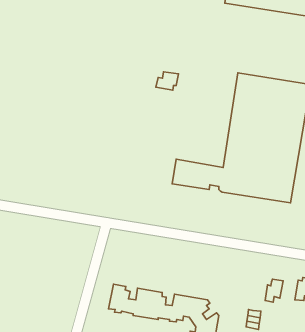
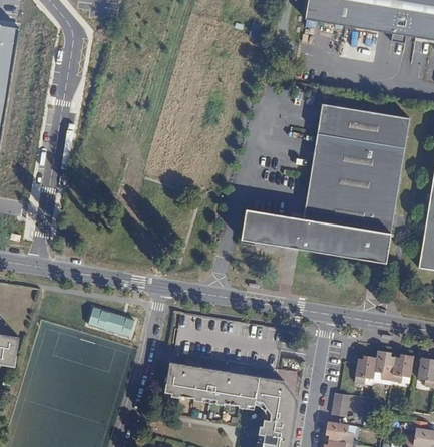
building: [156,72,178,90] -> none
building: none -> [88,303,134,334]
building: none -> [372,350,394,385]

